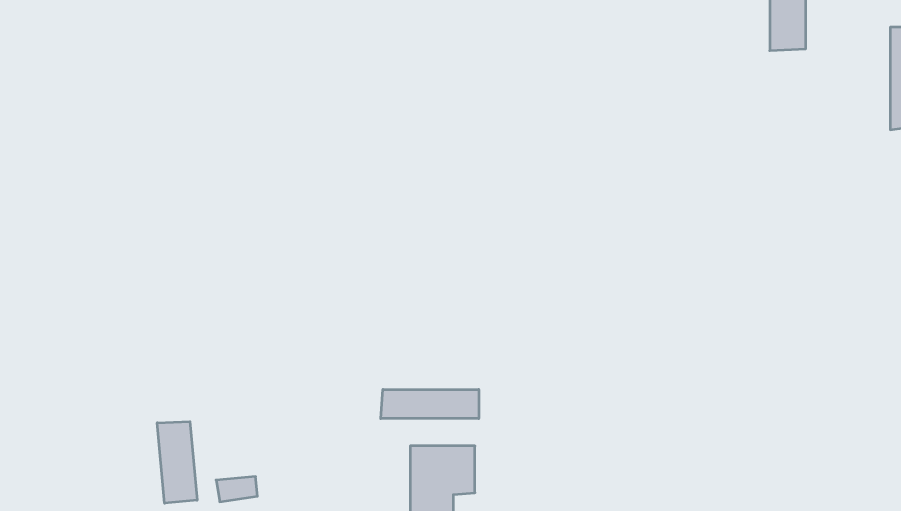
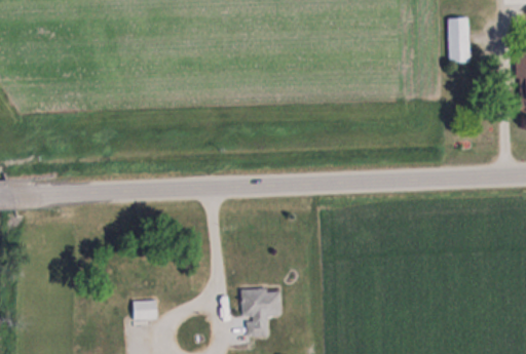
building: [381,389,479,419] -> none
building: [157,422,197,503] -> none

